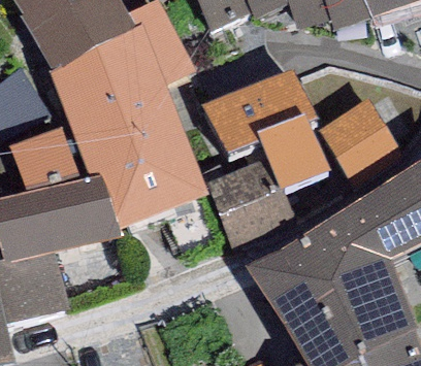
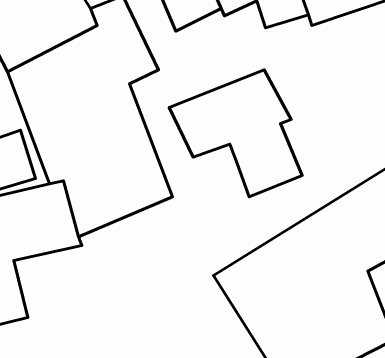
building: [322,98,401,184] -> none
building: [208,160,297,252] -> none

